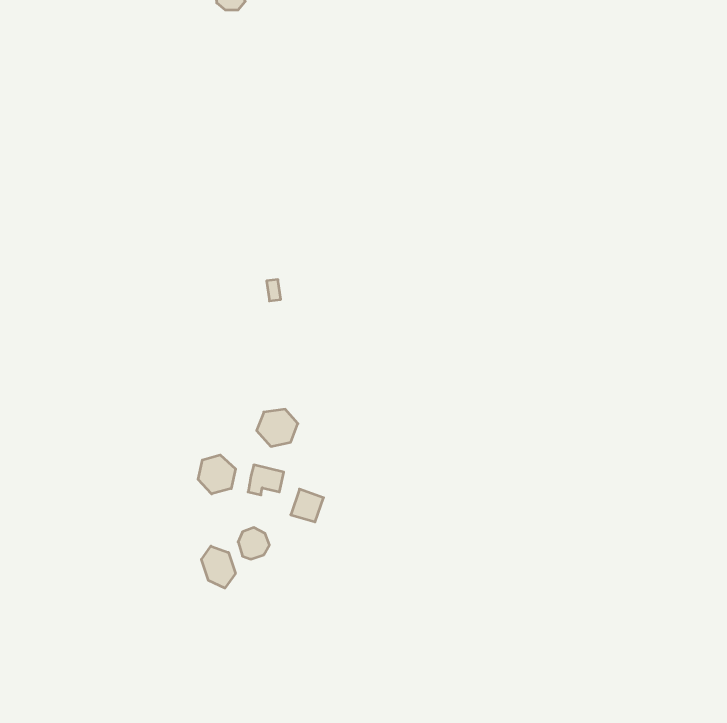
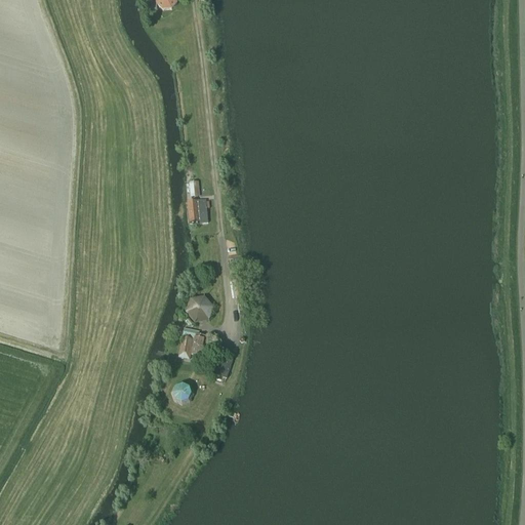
building: [198,455,236,494] -> none
building: [201,546,235,588] -> none

